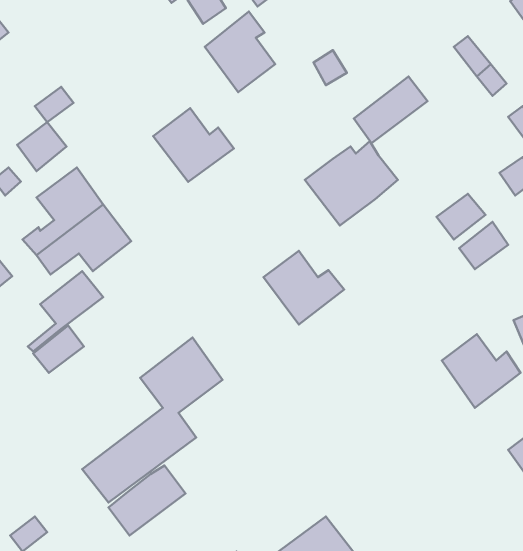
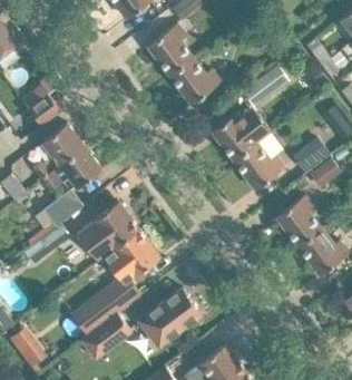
building: [153,108,234,182] -> [168,58,219,105]
building: [264,251,344,324] -> [233,144,284,191]
building: none -> [275,196,320,246]
building: none -> [76,203,139,261]
building: none -> [139,289,201,347]

